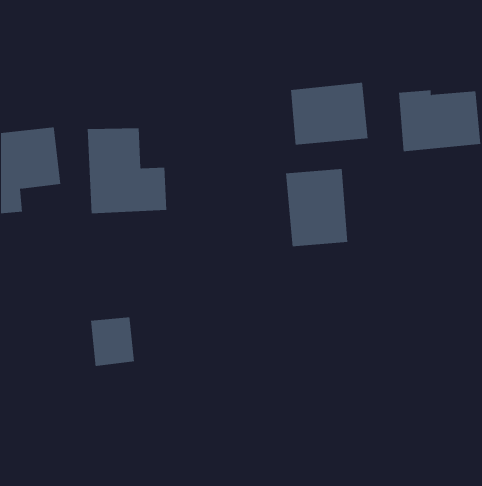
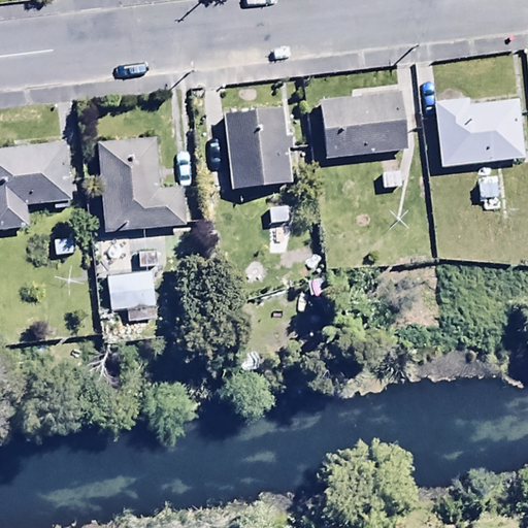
building: [285,168,348,247] -> [225,105,293,190]
building: [90,317,135,366] -> [109,269,158,323]

